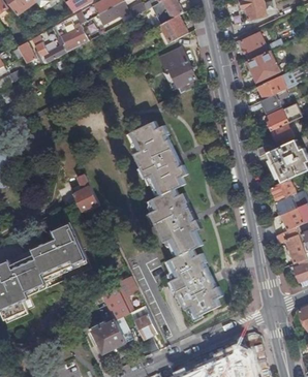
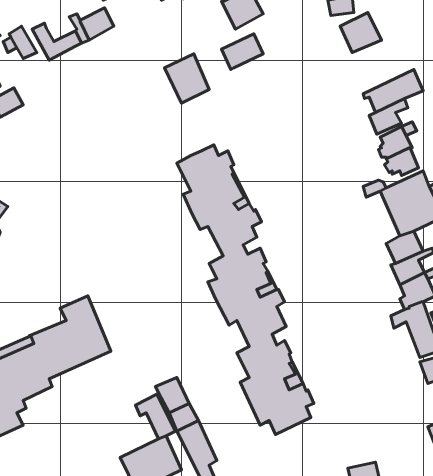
building: [245,50,279,82] -> none
building: [167,60,197,93] -> [164,54,209,103]
building: [71,175,97,212] -> none

